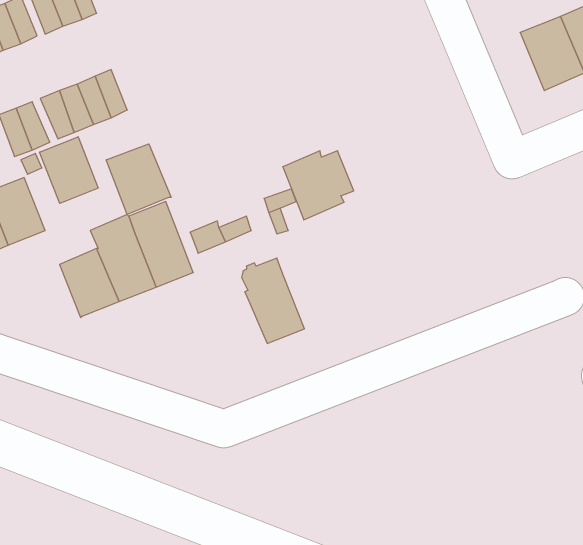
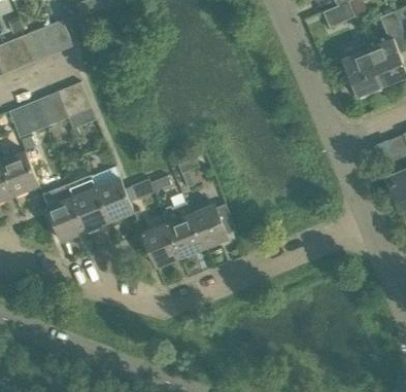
building: [40,137,98,203] -> none
building: [106,144,171,215] -> none
building: [283,151,354,220] -> [190,205,235,249]
building: none -> [141,225,179,269]

